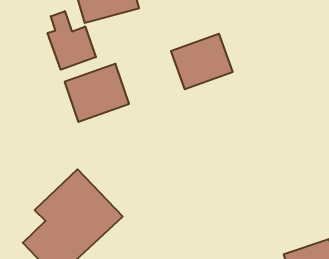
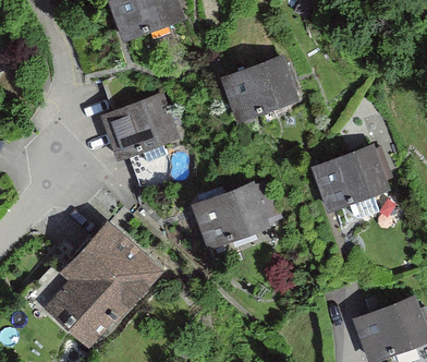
building: [48,11,96,70] -> none
building: none -> [312,141,390,213]
building: none -> [190,181,271,253]

